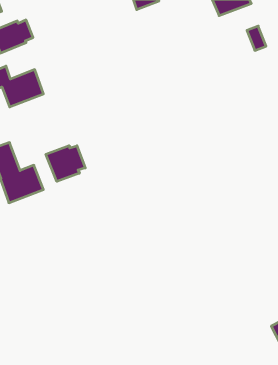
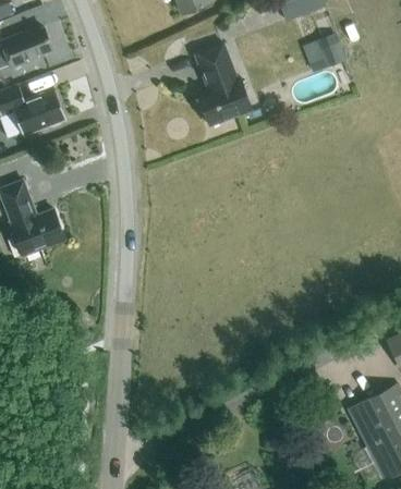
building: none -> [195,42,253,124]
building: [46,146,85,181] -> none

